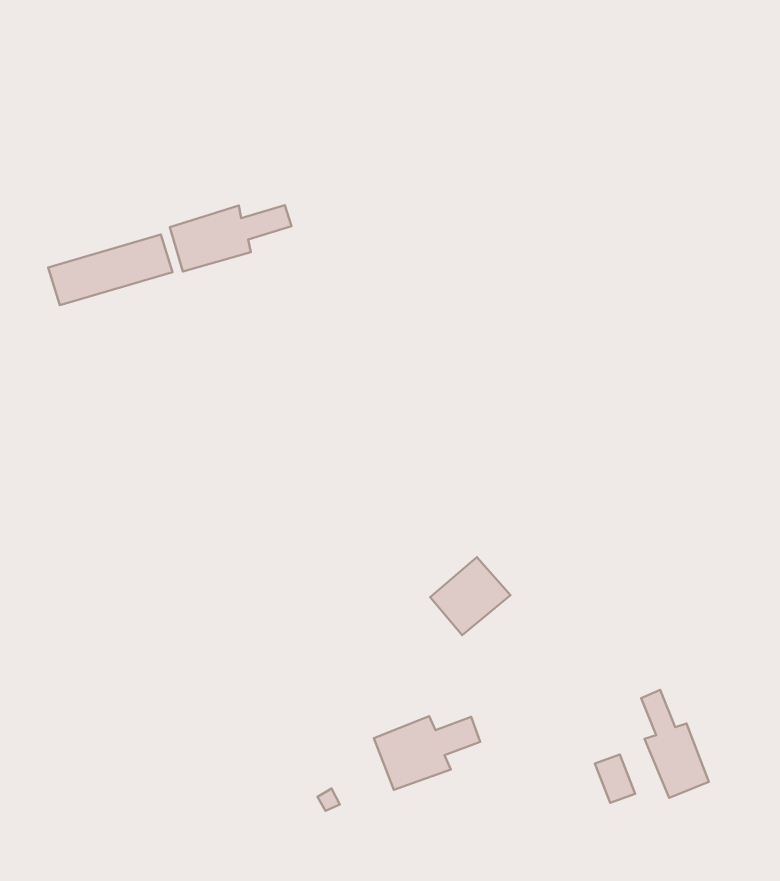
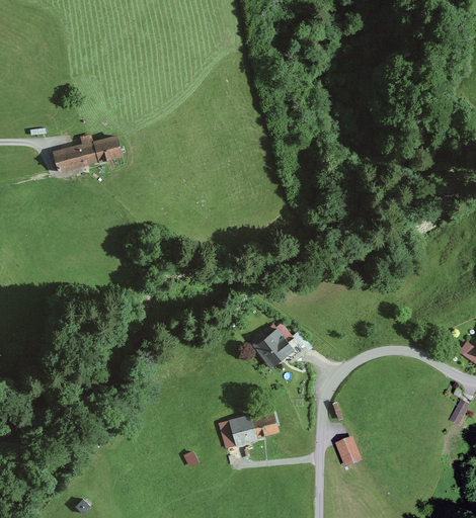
building: [170,205,292,272] -> none
building: [641,690,709,798] -> none

